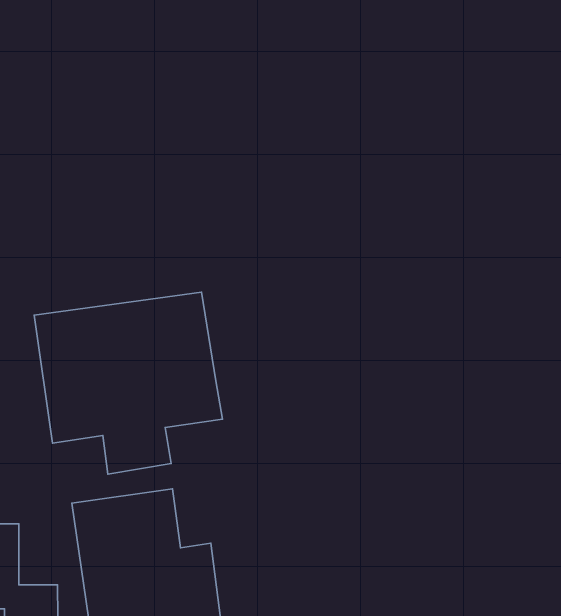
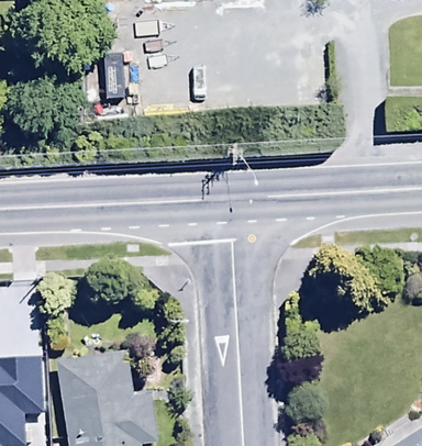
building: [34,292,222,474] -> none

